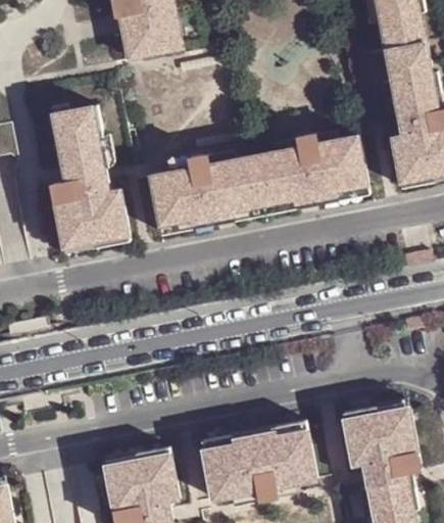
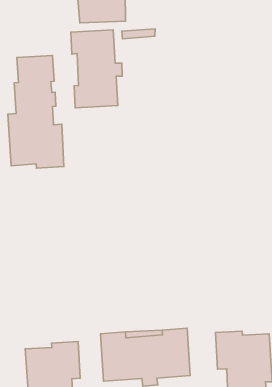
building: none -> [71,30,122,108]
building: [149,131,367,232] -> none

